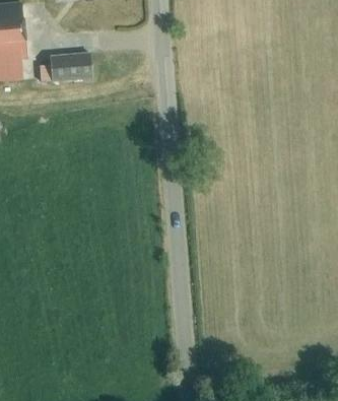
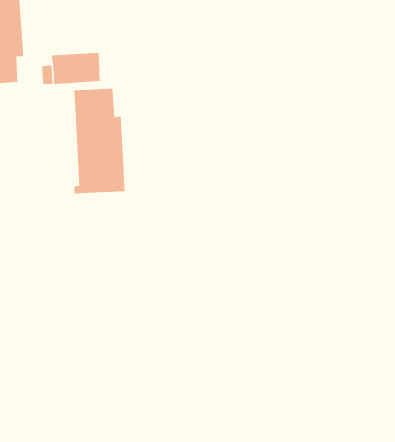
building: none -> [73,88,126,194]

